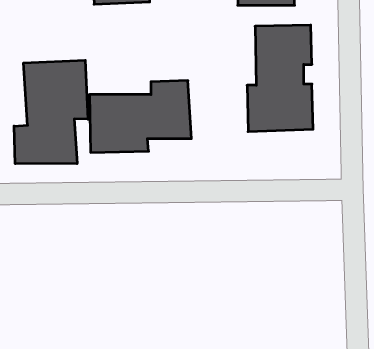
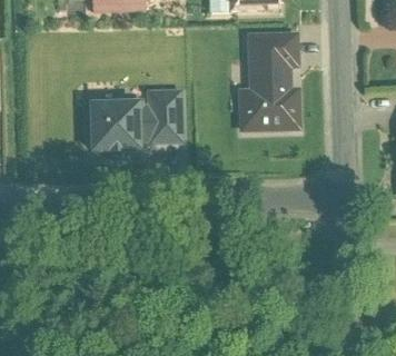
building: [14,60,88,164] -> none

